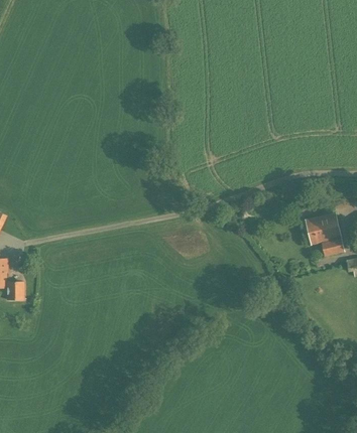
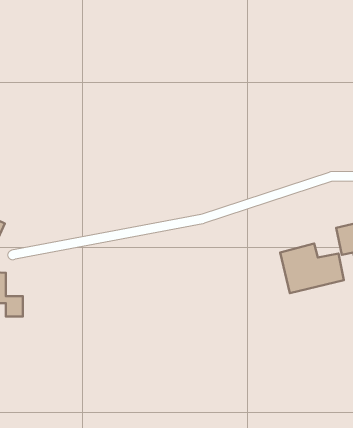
building: none -> [280,244,344,293]

